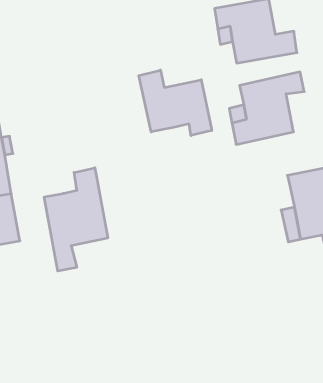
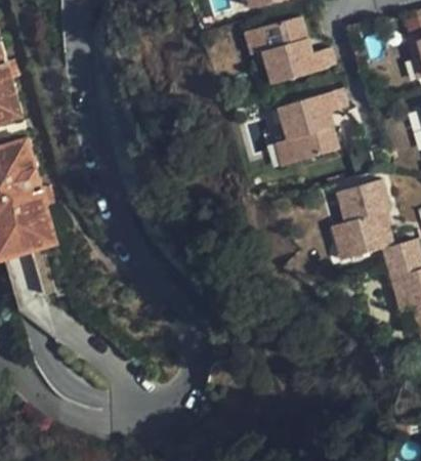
building: [139,70,212,136] -> none
building: [44,168,108,271] -> none

